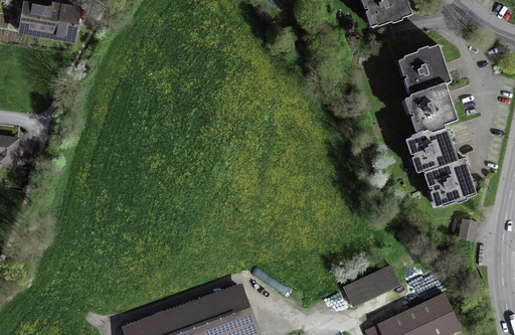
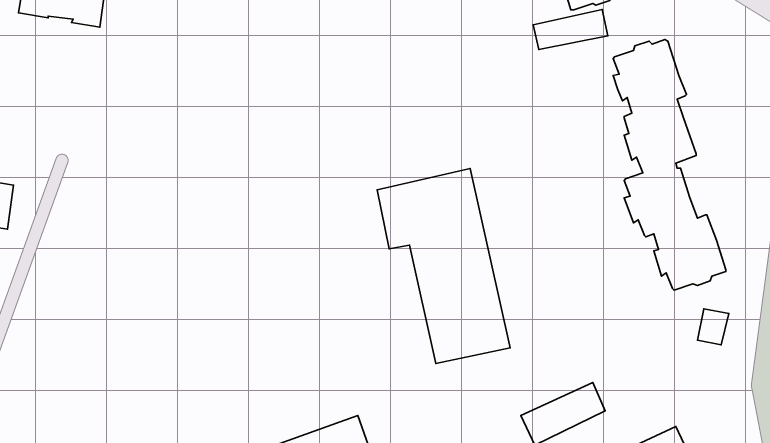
building: none -> [533,9,608,50]
building: none -> [377,168,510,363]

